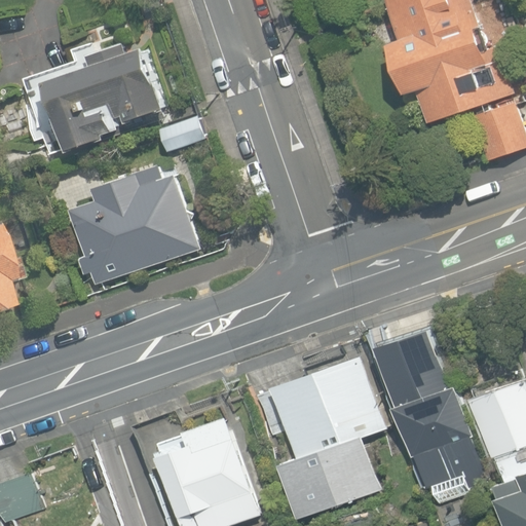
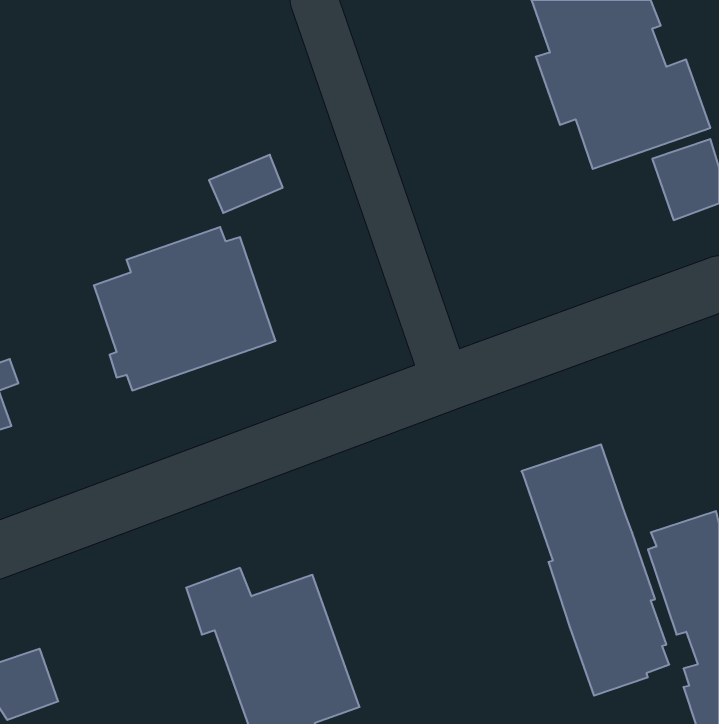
building: [27,45,164,155] -> none
building: [254,354,386,520] -> none

